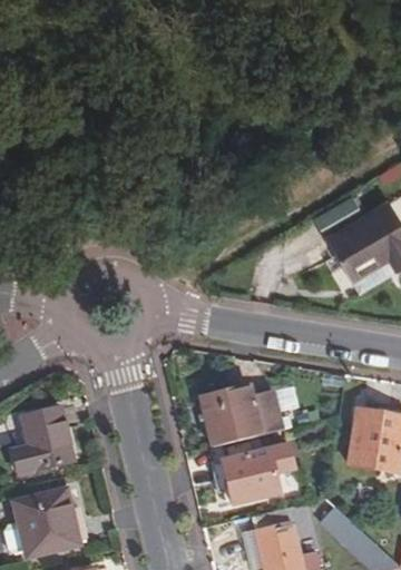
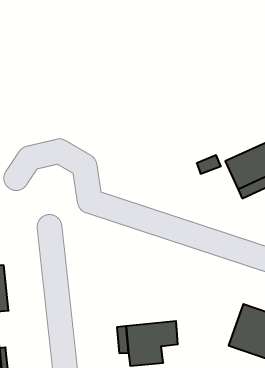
building: [202,385,284,448] -> none

